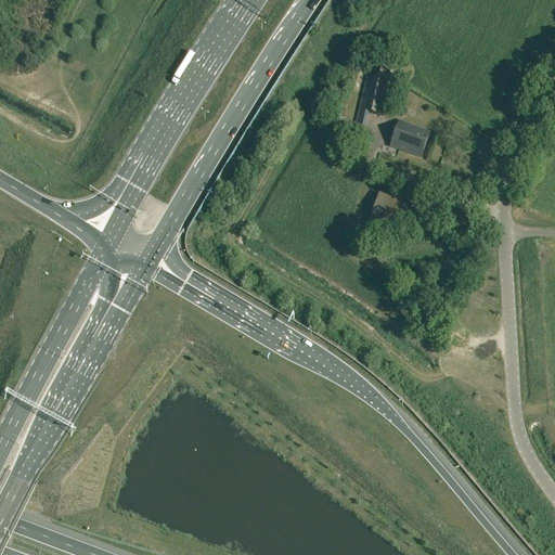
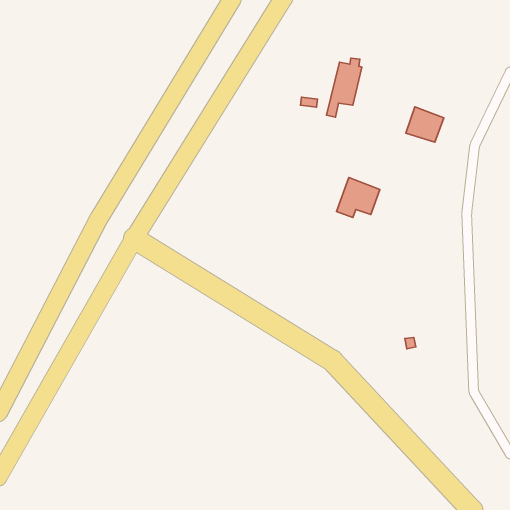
building: [388,118,429,156] -> [406,107,444,142]

